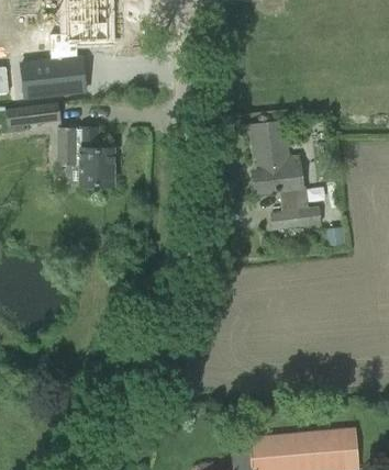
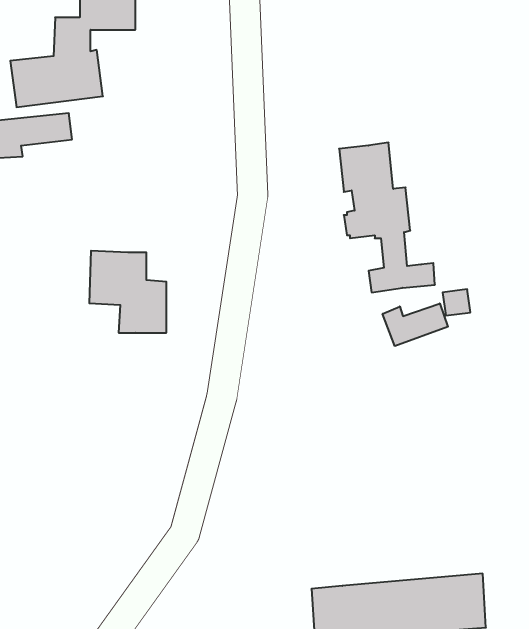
building: [58,127,113,186] -> [89,251,166,333]
building: none -> [383,303,448,346]

